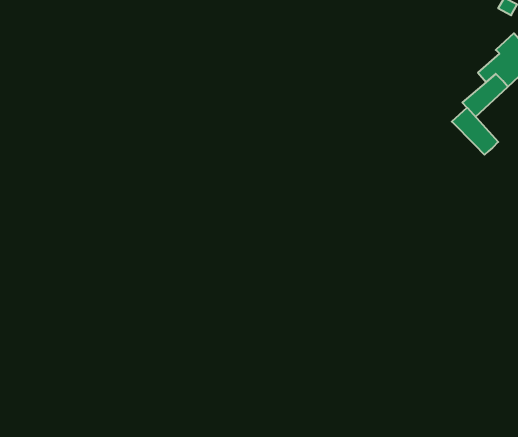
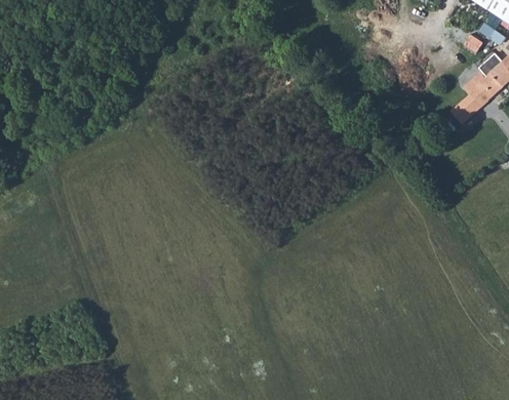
building: [452,108,498,155] -> none

